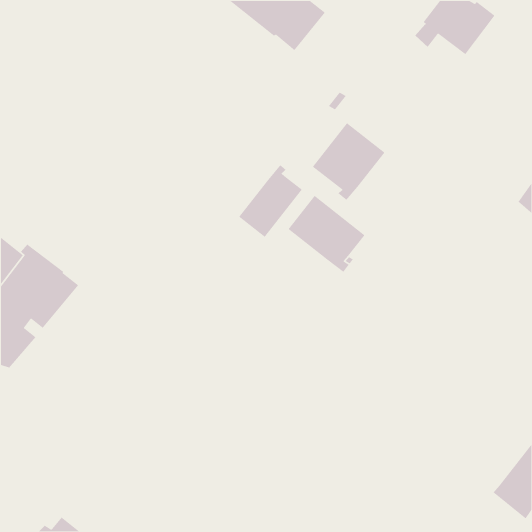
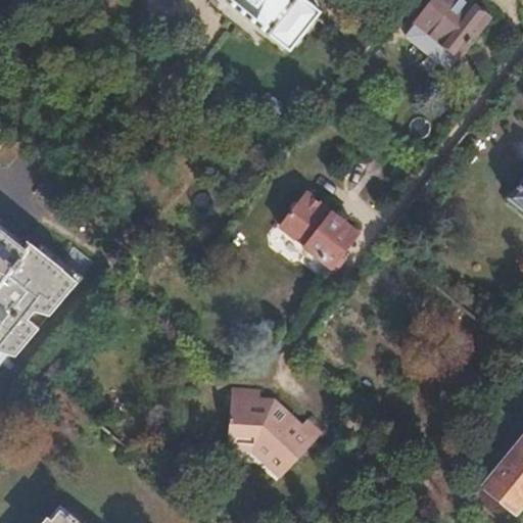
building: [312,122,385,201] -> none
building: [238,164,303,238] -> none
building: none -> [228,388,322,476]

